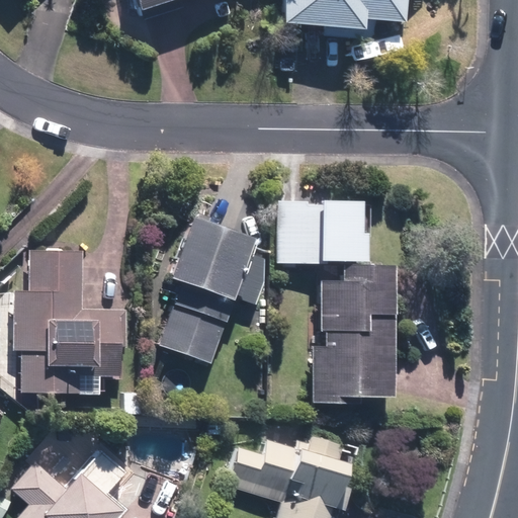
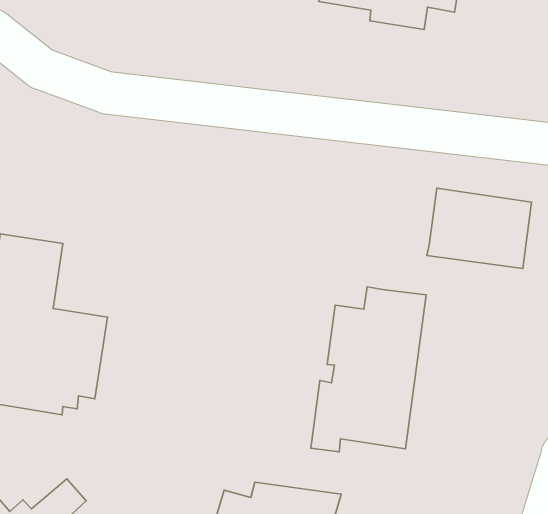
building: [279,200,363,261] -> [427,188,532,268]
building: [156,217,272,364] -> none

